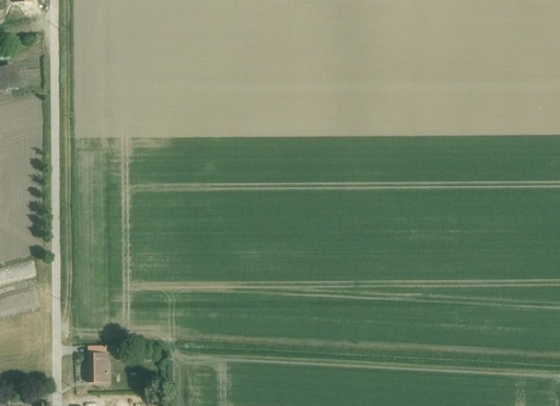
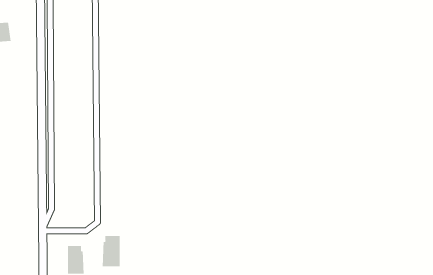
building: none -> [102,235,120,267]

